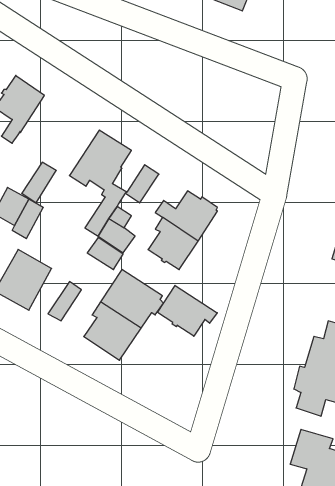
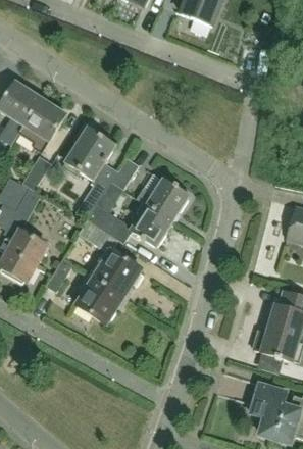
building: none -> [18,97,66,151]
building: [158,285,217,336] -> none

